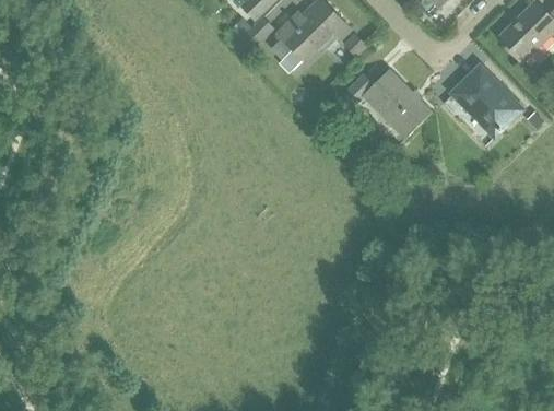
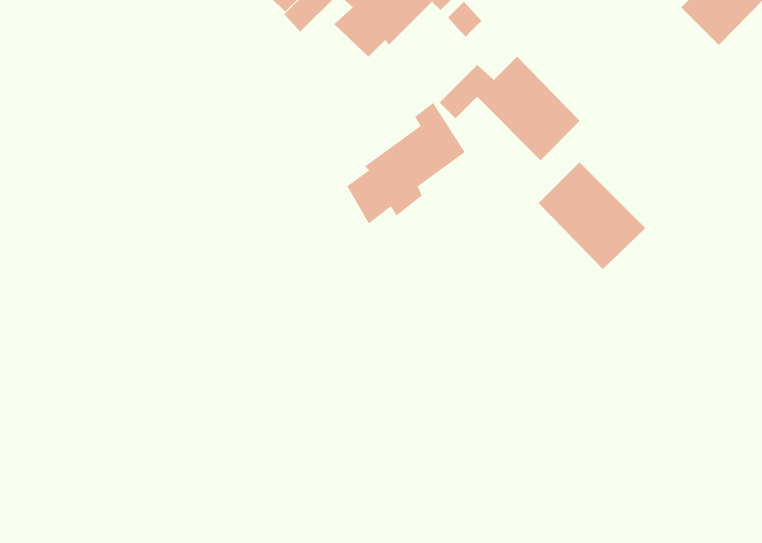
building: [450,64,521,136] -> [538,161,646,270]
building: none -> [347,102,466,225]

